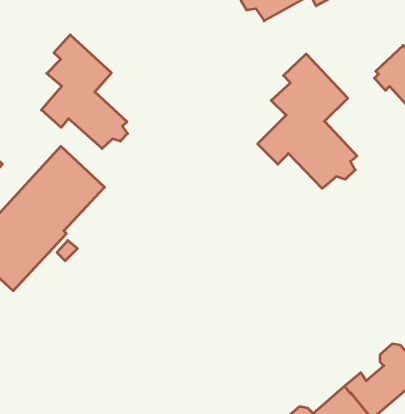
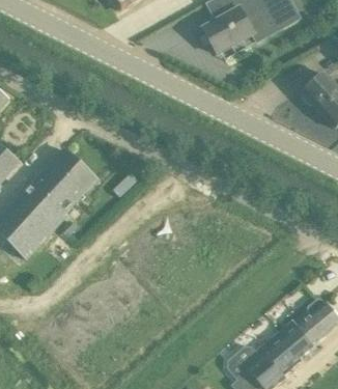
building: [41,35,128,149] -> none
building: [258,54,357,188] -> none

